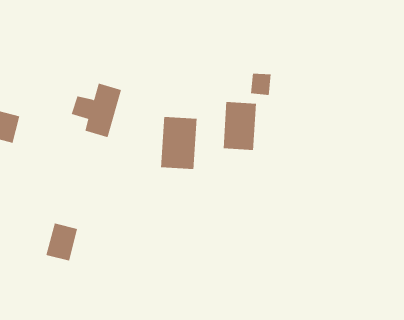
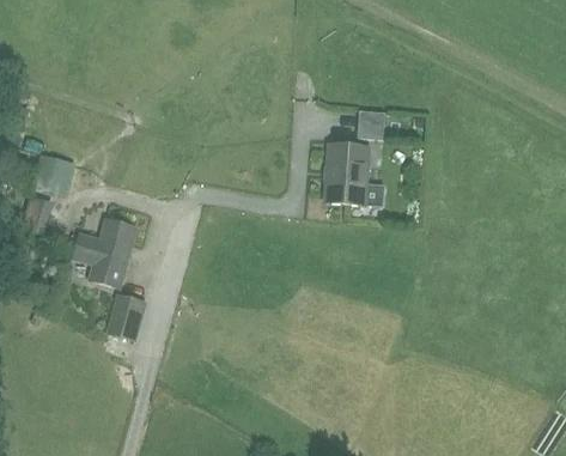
building: [71,83,122,138] -> [73,219,135,286]
building: [160,116,197,170] -> none

